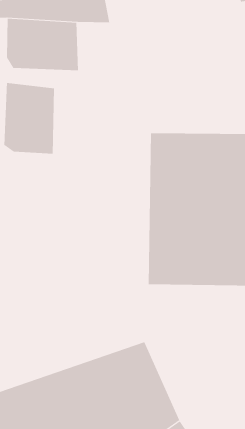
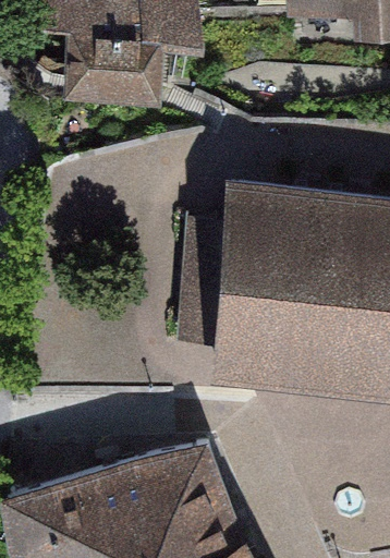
building: [4,82,55,155] -> none

